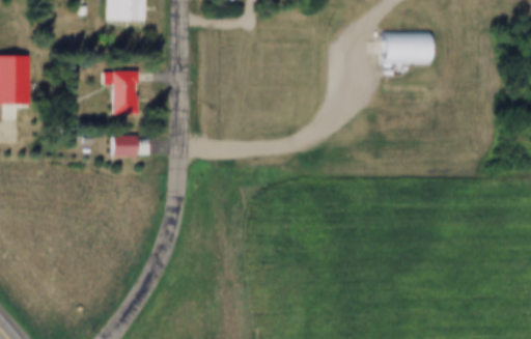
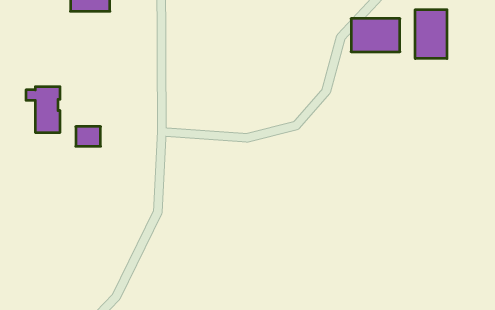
building: none -> [415,10,447,59]
building: [103,72,137,117] -> [26,87,60,132]

